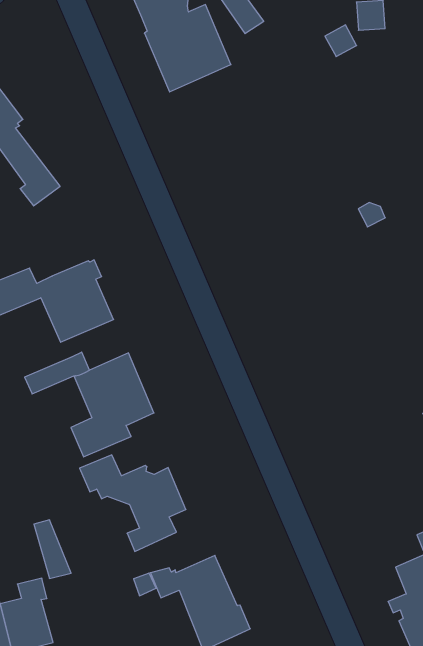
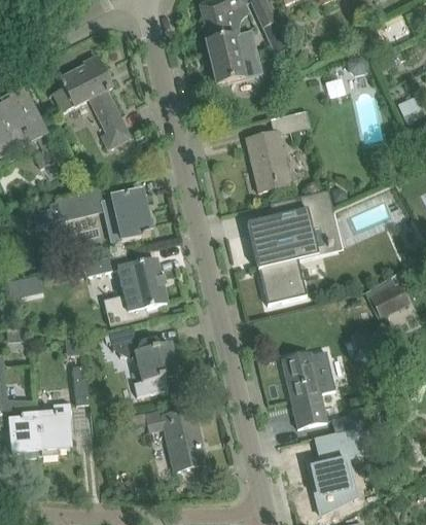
building: none -> [250,110,311,191]
building: none -> [248,189,334,301]
building: none -> [282,350,335,427]

